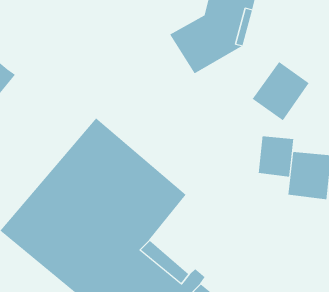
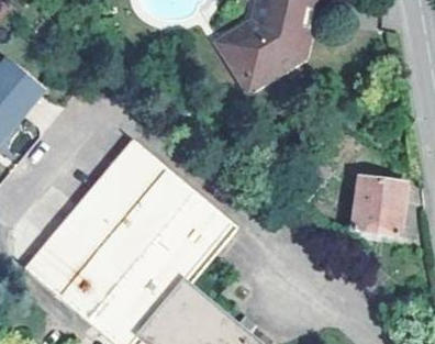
building: [252,61,310,121] -> none
building: [258,135,294,177] -> none

